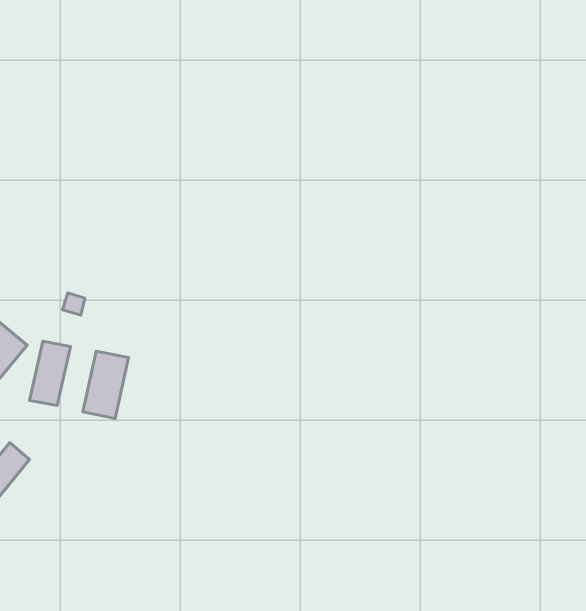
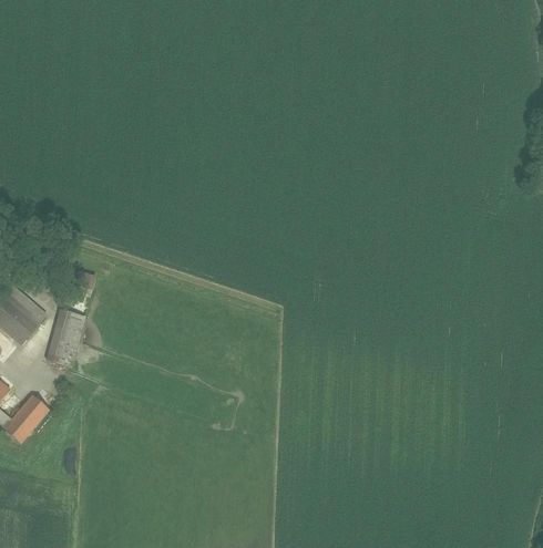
building: [83,351,129,418] -> none

